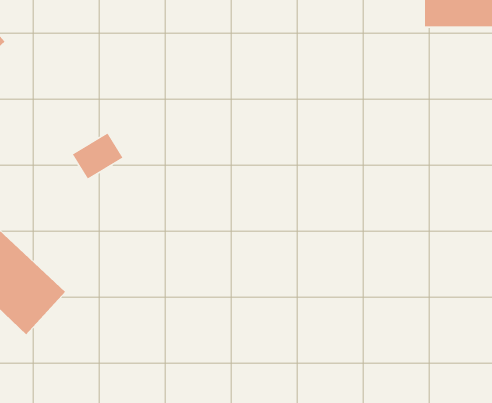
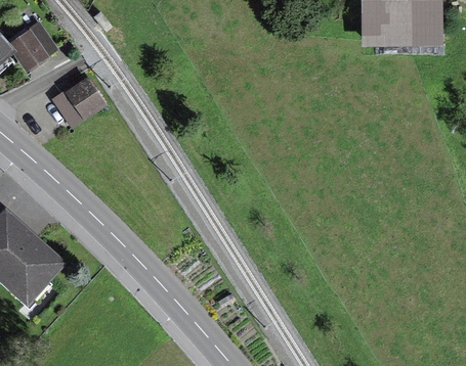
building: none -> [14,30,54,70]
building: [72,133,123,179] -> [58,84,102,124]

